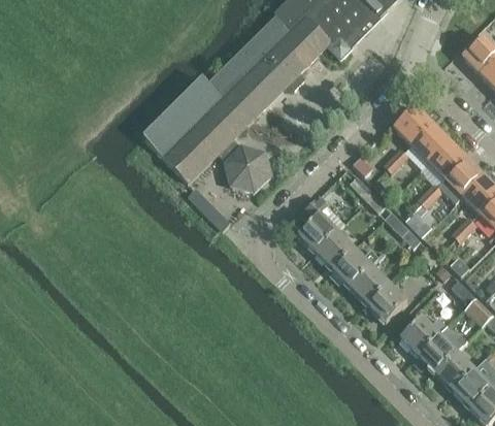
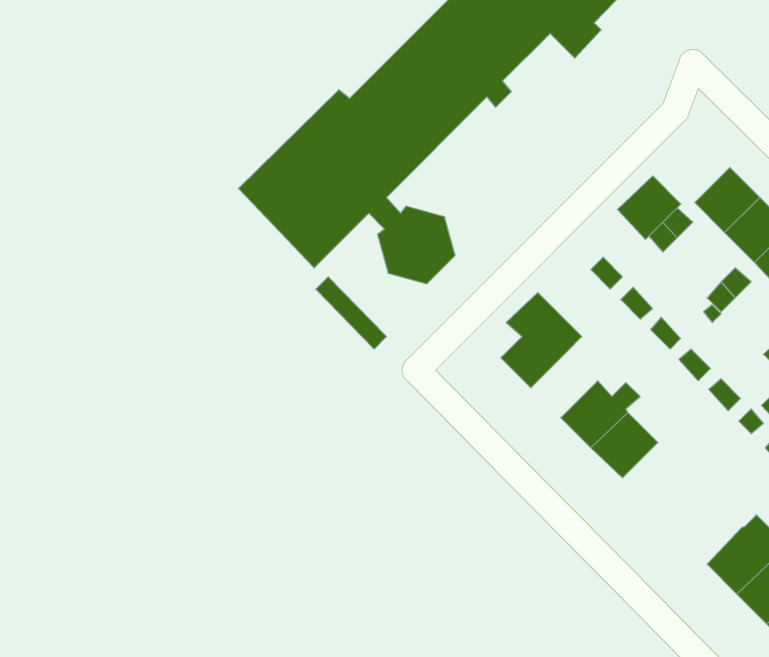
building: [394,106,431,143] -> [617,176,681,239]
building: [315,230,354,269] -> none
building: [368,284,406,322] -> none
building: [400,316,443,355] -> none

